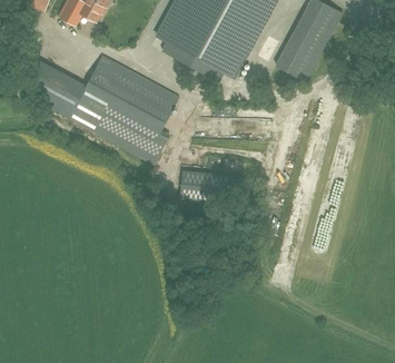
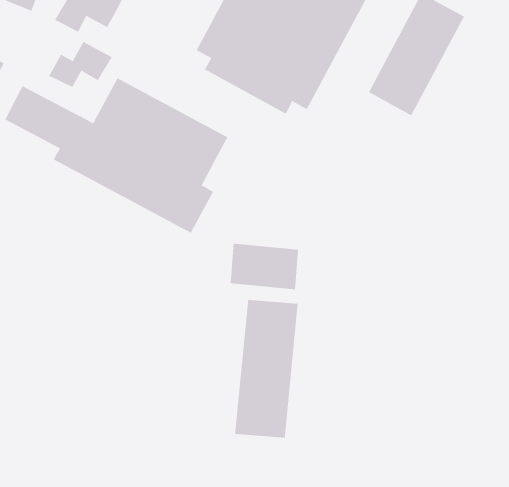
building: none -> [49,41,112,88]
building: none -> [235,299,298,438]

